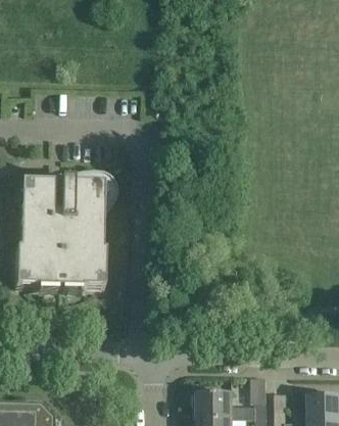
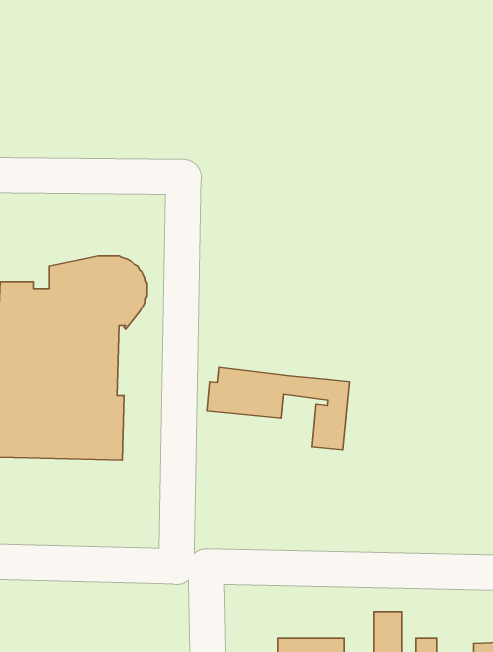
building: none -> [207,367,349,450]

